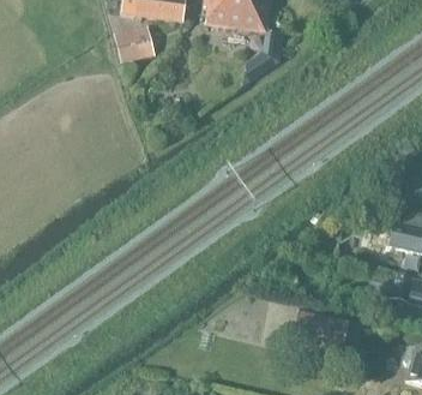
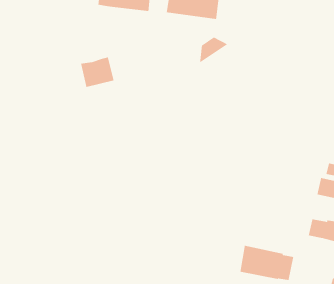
building: [113,24,155,62] -> [80,56,114,88]

